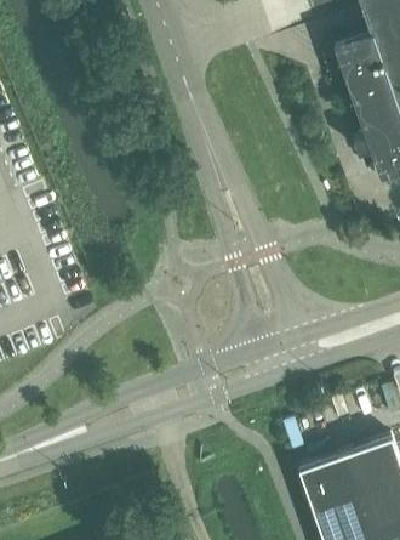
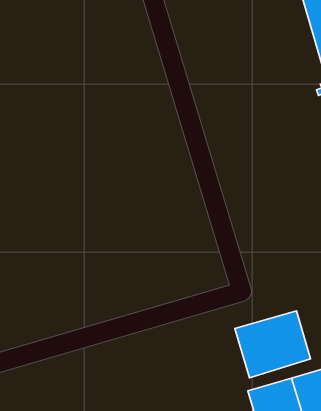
building: none -> [235,311,311,378]

